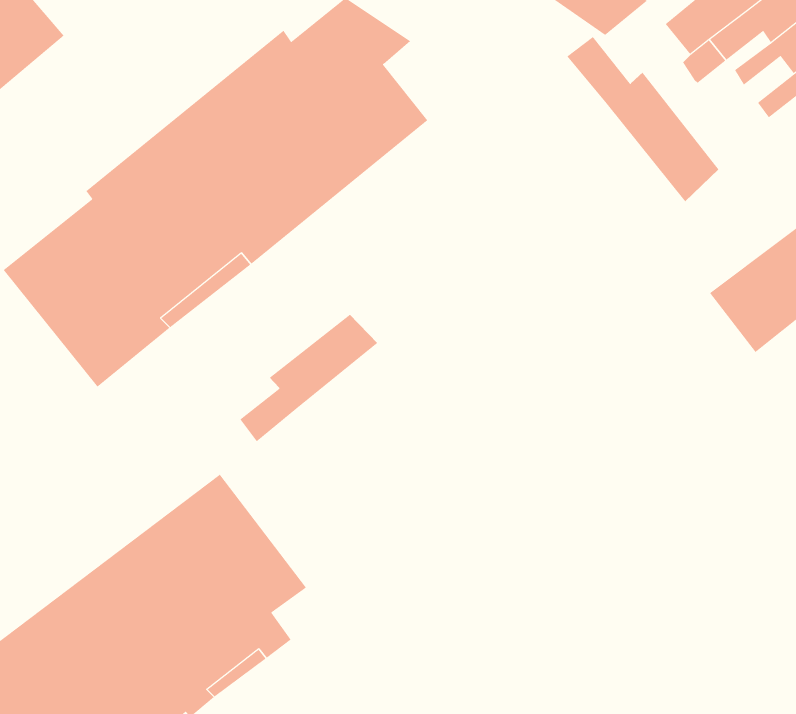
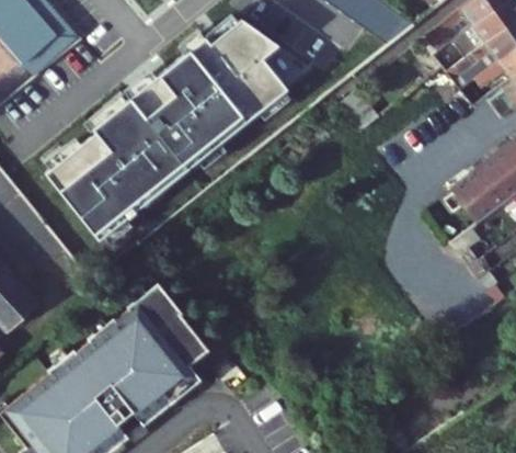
building: [566,36,719,202] -> none
building: [239,314,378,442] -> none

